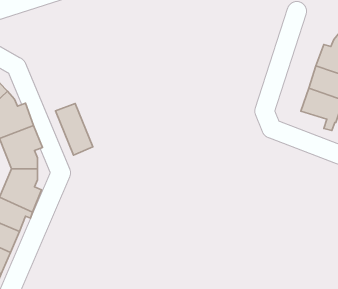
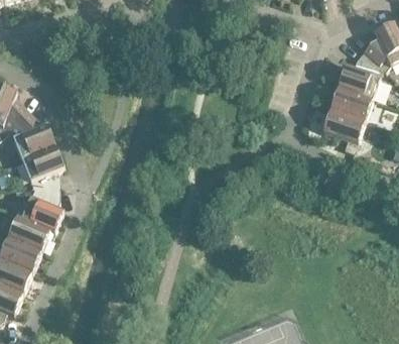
building: [56,104,93,155] -> none

